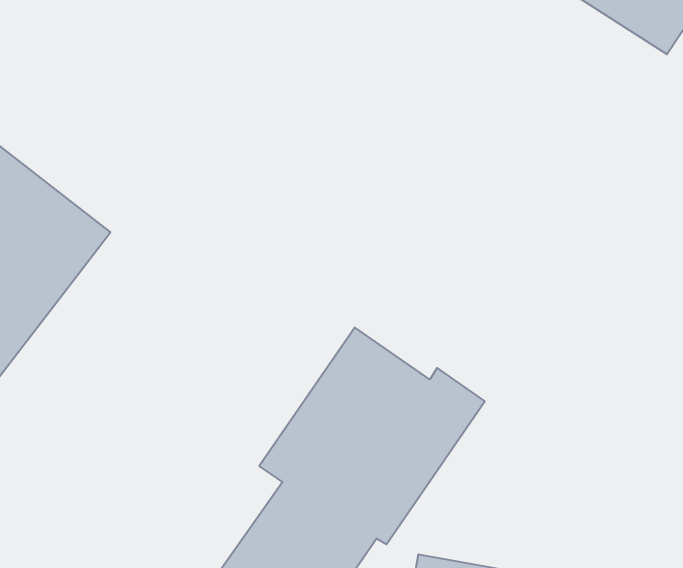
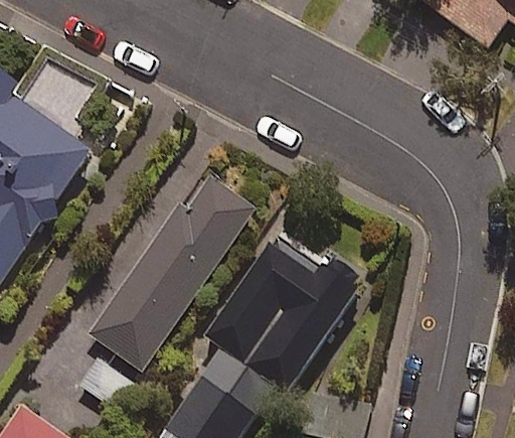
building: none -> [82,166,252,370]

